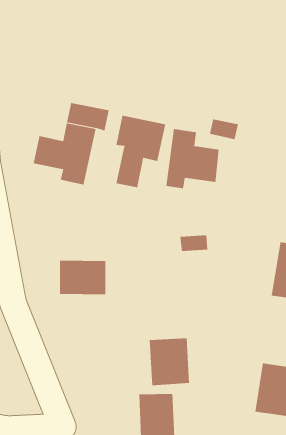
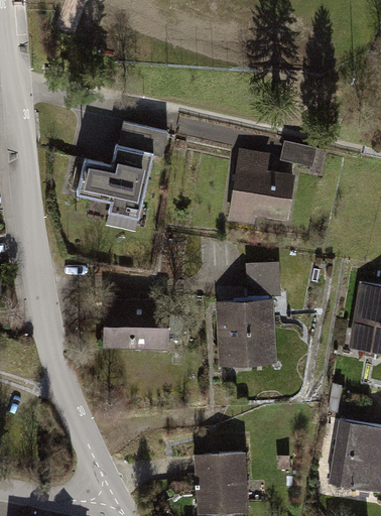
building: [116,115,166,188] -> none
building: [149,338,190,386] -> [222,304,269,360]

